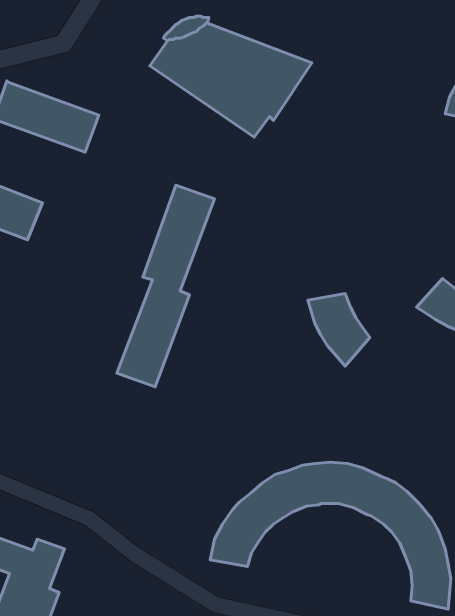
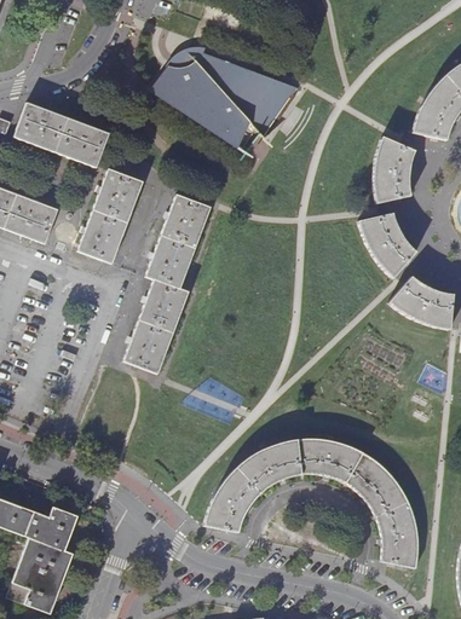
building: none -> [374,137,414,204]
building: none -> [79,169,142,262]
building: [308,293,370,366] -> [359,214,414,278]

